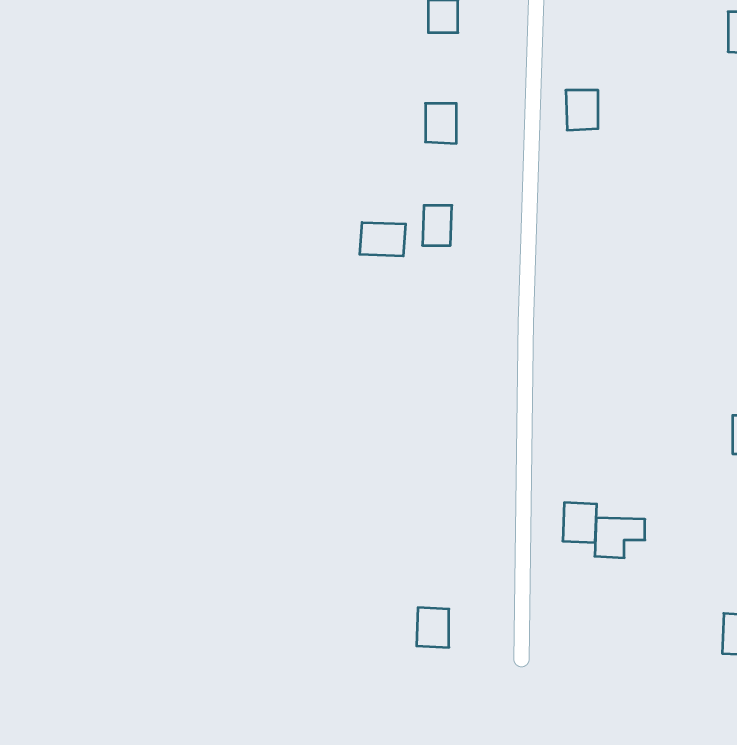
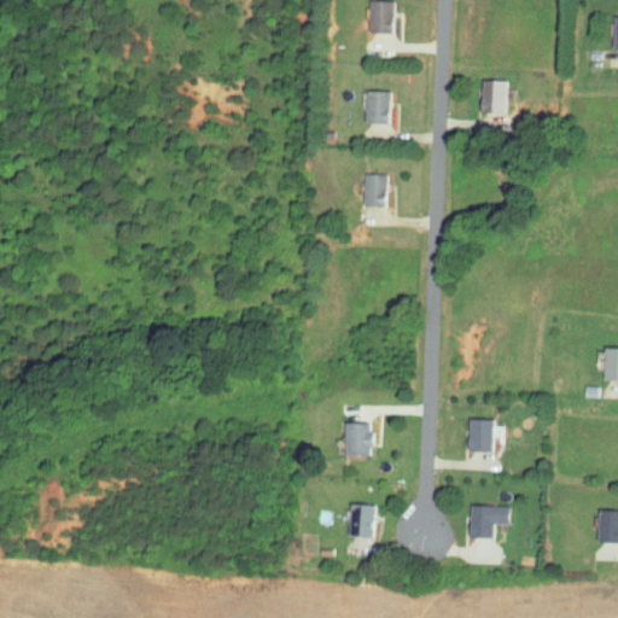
building: [360,222,406,256] -> none
building: none -> [350,422,378,455]
building: [595,518,645,558] -> [477,506,518,538]

